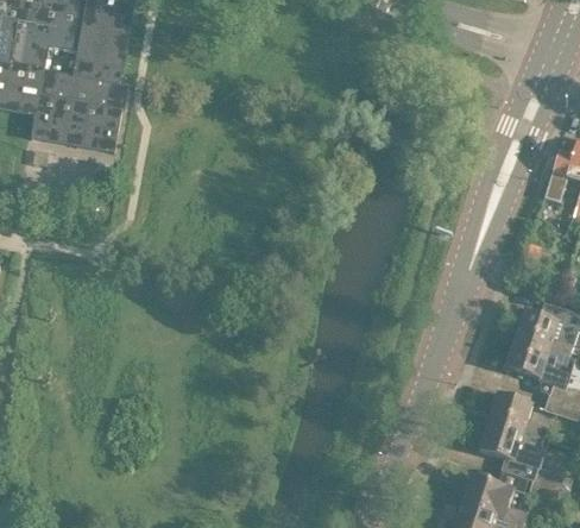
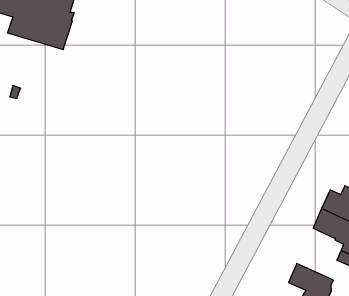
building: [486,394,546,440] -> none

